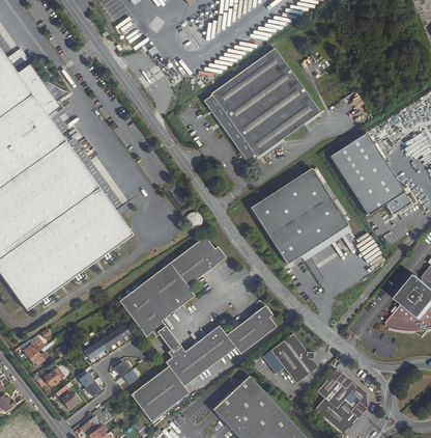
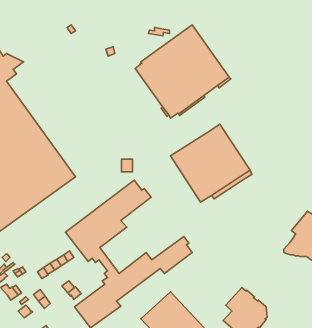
building: [331,132,412,215] -> none
building: [270,333,319,384] -> none

